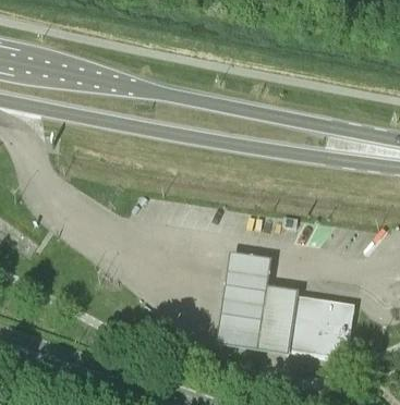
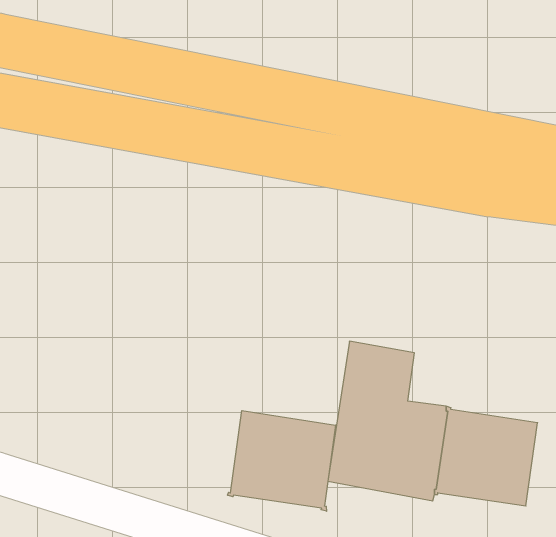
building: none -> [228,411,336,511]

